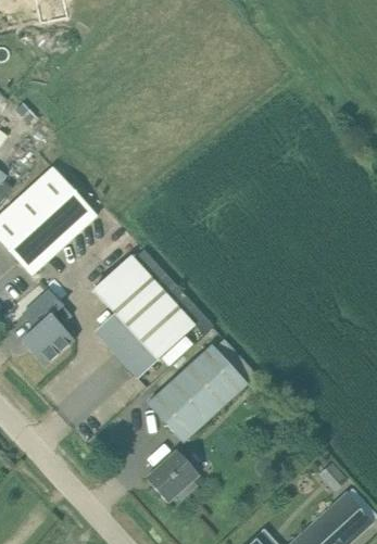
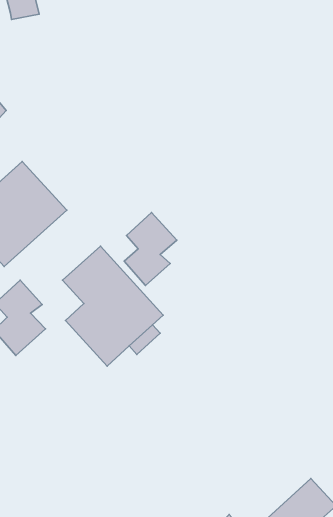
building: none -> [124,212,177,286]
building: [148,343,248,442] -> none
building: [147,450,200,502] -> none

